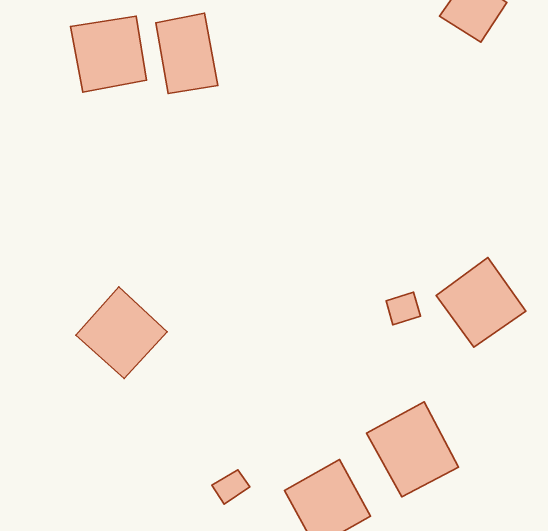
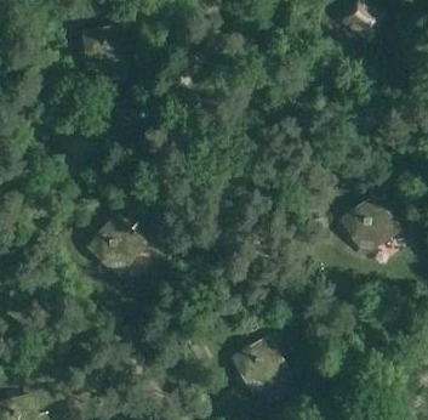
building: [156,13,218,94] -> none
building: [367,402,459,497] -> none

